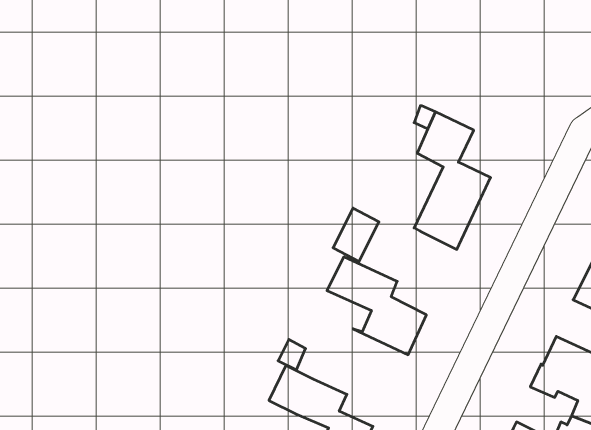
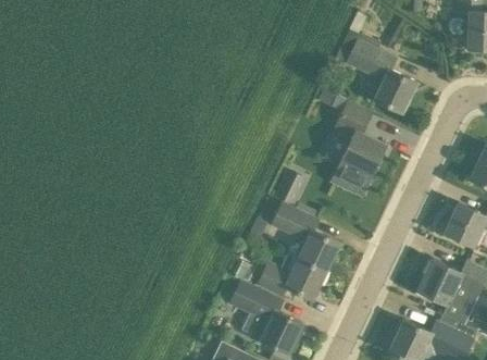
building: none -> [335,29,416,112]
building: none -> [254,252,326,298]

